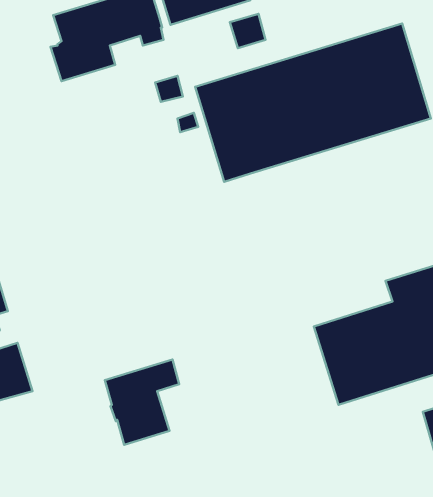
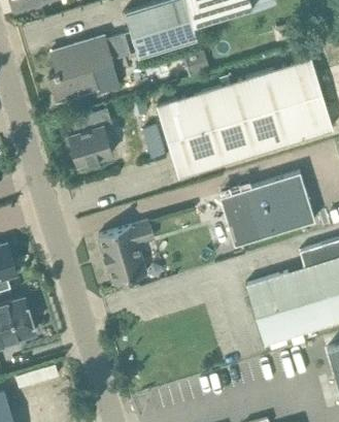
building: none -> [67,109,112,166]
building: none -> [218,172,314,257]
building: [105,359,179,445] -> [98,221,154,285]

